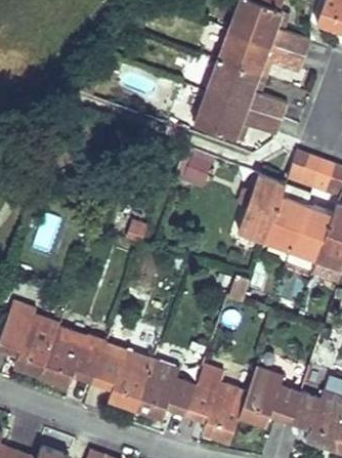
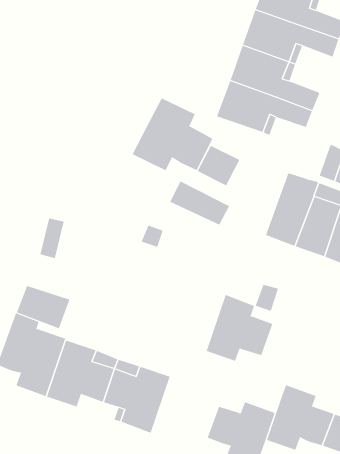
building: none -> [132,97,213,171]
building: none -> [169,180,230,225]
building: none -> [16,285,70,329]
building: [136,359,197,419] -> [206,294,273,362]

